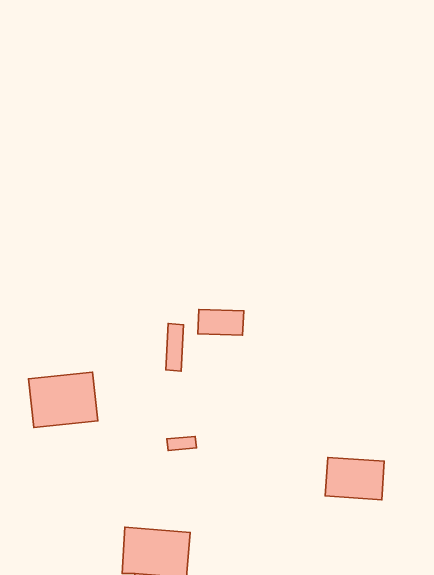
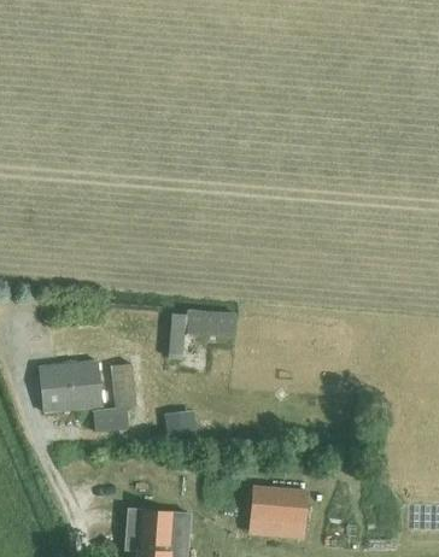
building: none -> [94,364,134,432]
building: [325,457,384,500] -> [251,491,306,530]

